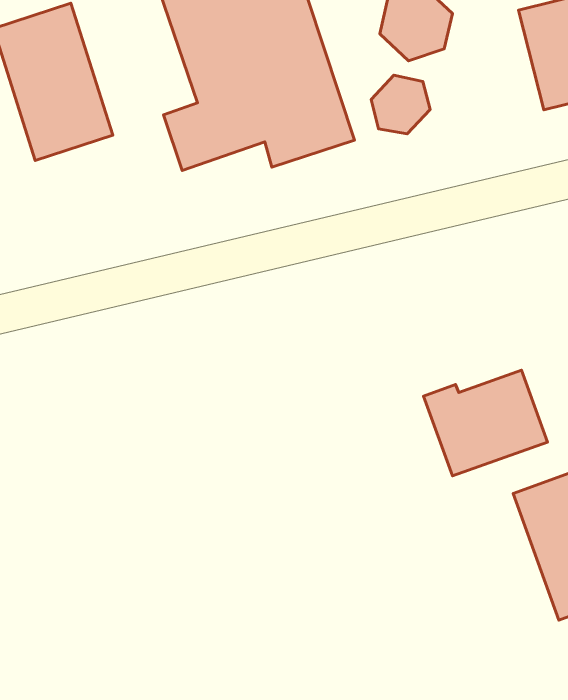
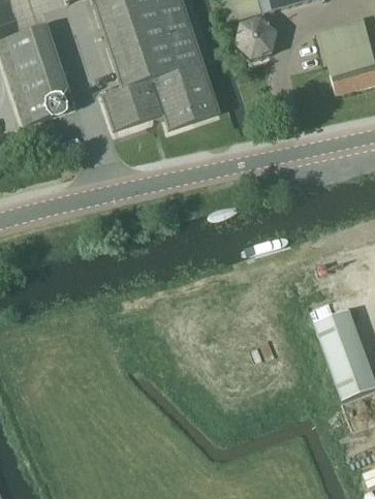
building: [371,75,430,134] -> none
building: [423,370,547,476] -> none

